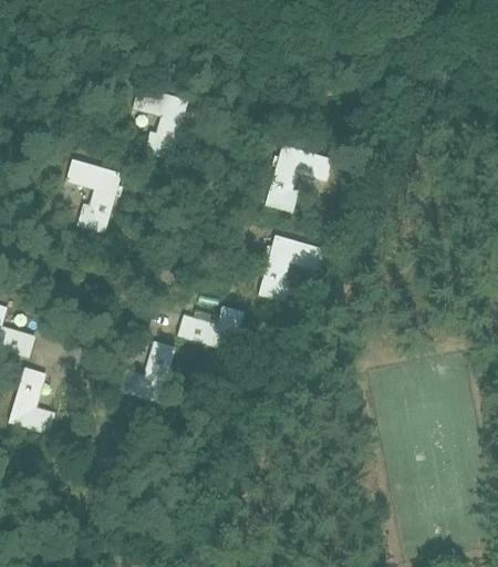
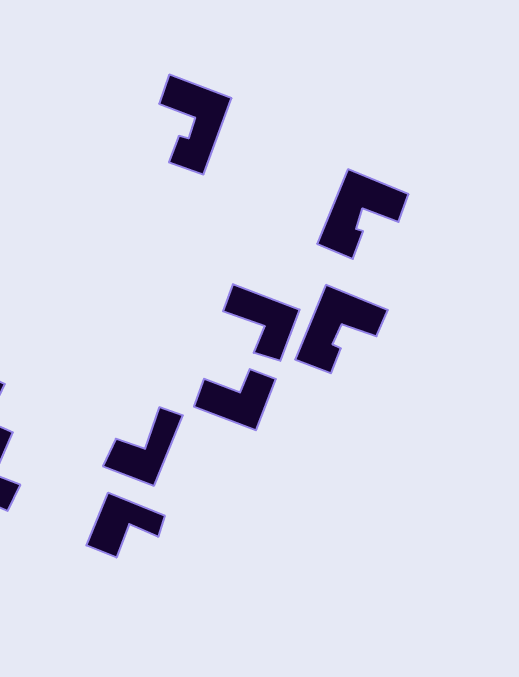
building: [65,158,121,233] -> none
building: none -> [223,284,300,361]
building: none -> [86,493,165,558]

